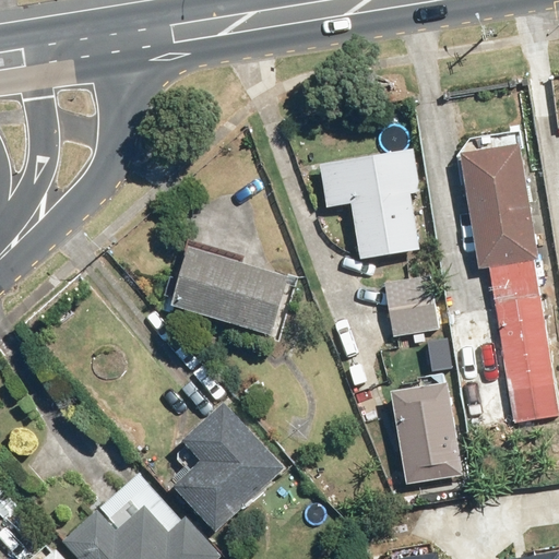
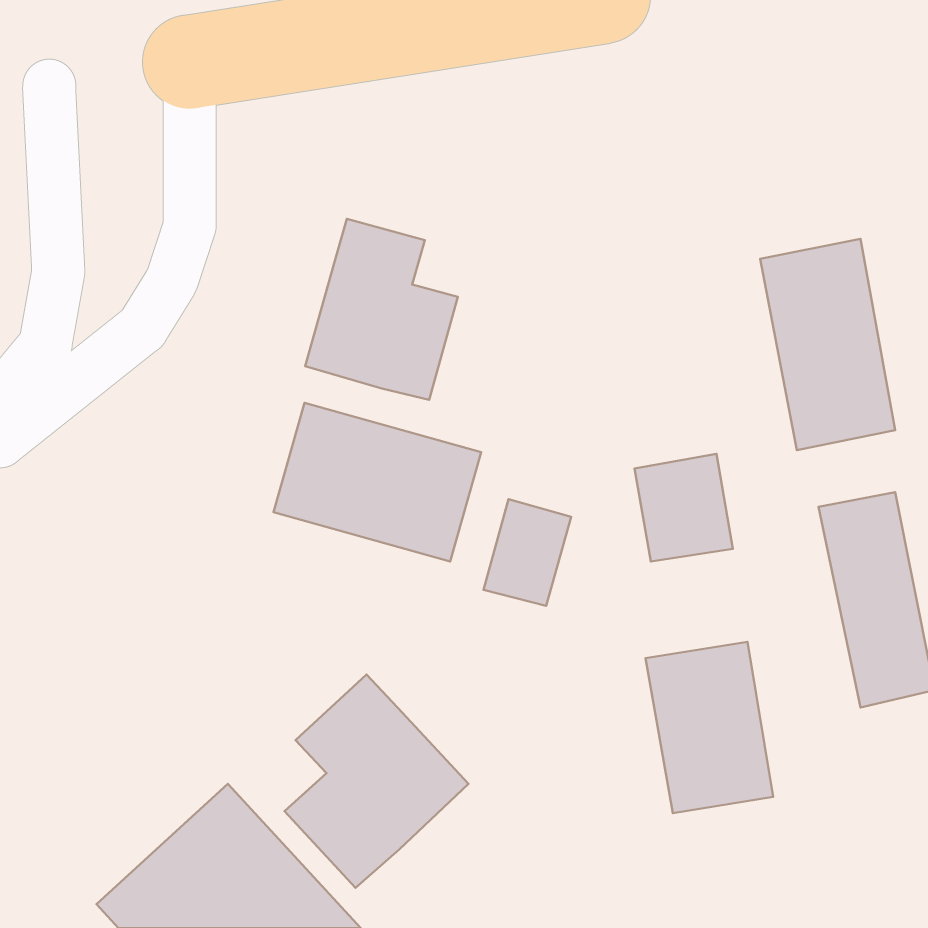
building: none -> [305,219,458,400]
building: [319,151,421,260] -> none
building: none -> [483,499,571,606]

